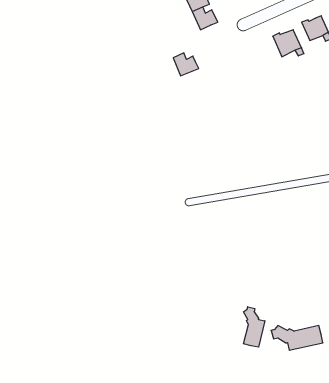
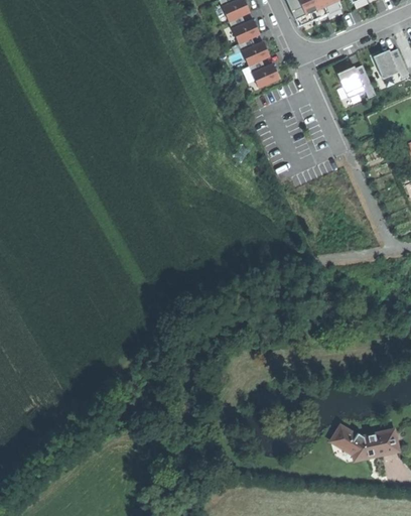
building: [173,53,199,76] -> [249,59,280,88]
building: [244,307,265,347] -> none

